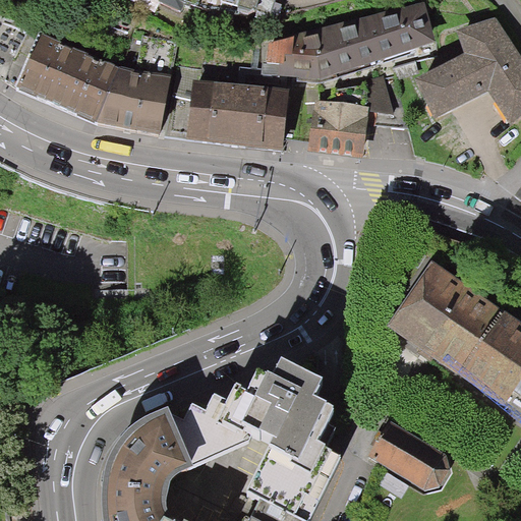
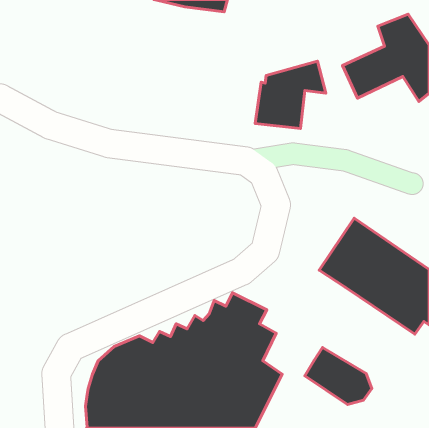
building: [242,5,437,83] -> none
building: [16,35,172,133] -> none
building: [171,77,287,148] -> none

